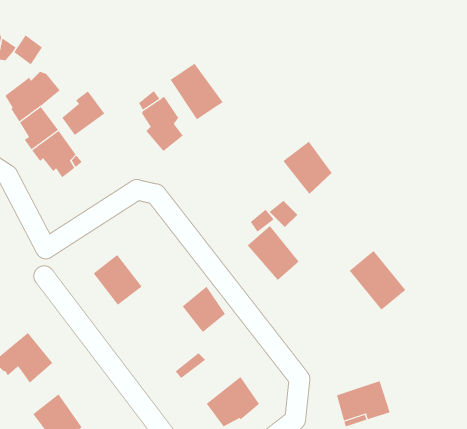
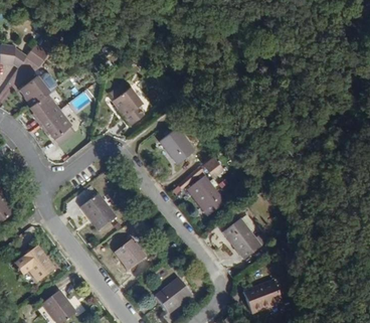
building: [170,63,223,120] -> none
building: [61,91,105,136] -> none
building: [283,141,332,195] -> [160,129,194,166]
building: [349,250,406,310] -> [224,218,263,260]
building: [182,286,226,333] -> [115,238,145,271]

